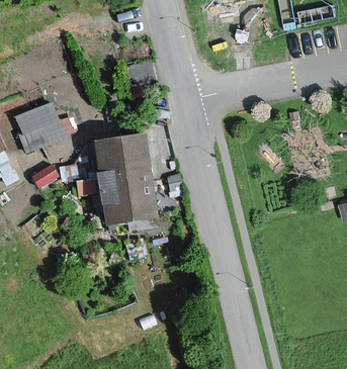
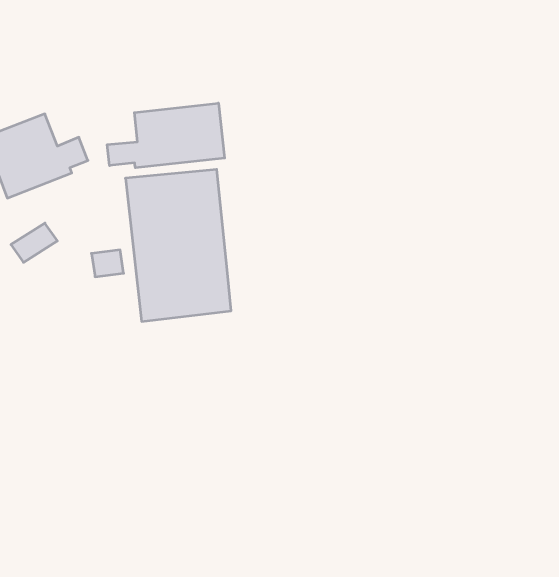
building: none -> [107,103,225,168]

